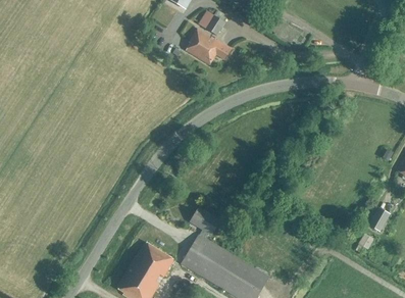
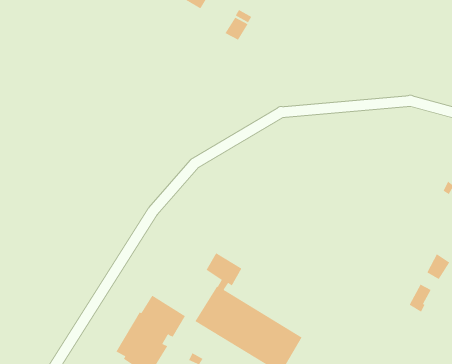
building: [186,28,232,64] -> none

